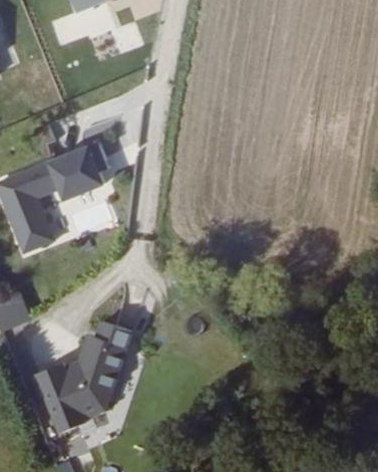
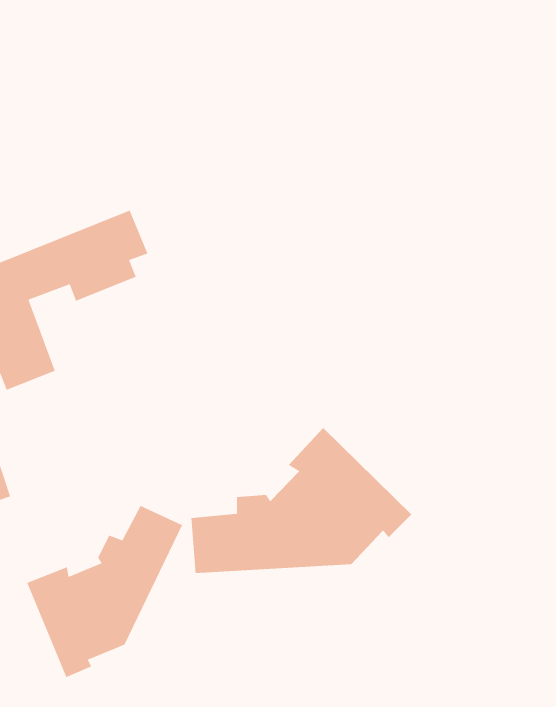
building: none -> [191,427,412,574]

